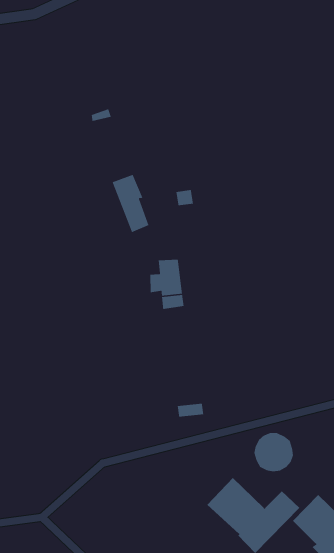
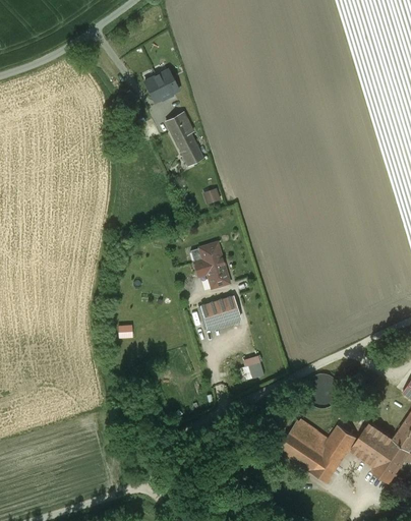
building: none -> [145,70,178,101]
building: [112,174,149,233] -> [162,113,200,164]
building: none -> [200,295,240,329]

